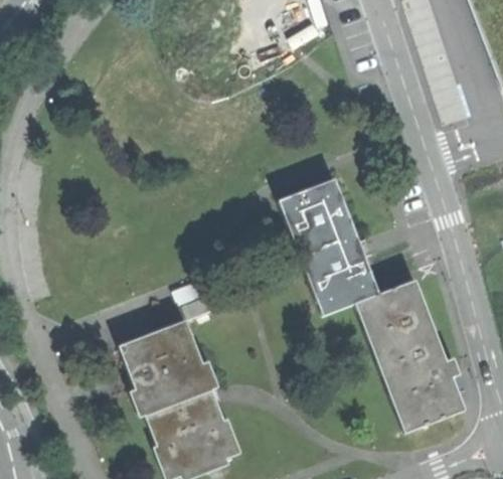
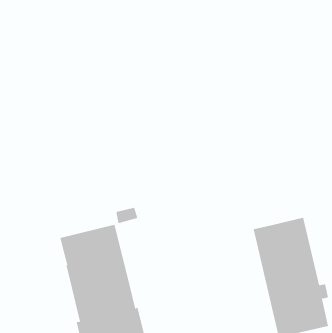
building: [280,179,380,315] -> none

